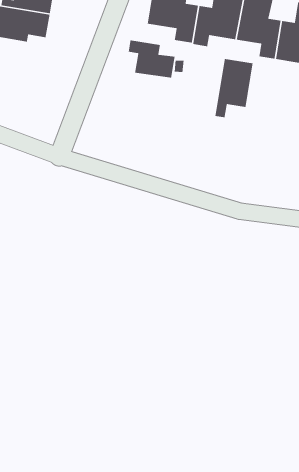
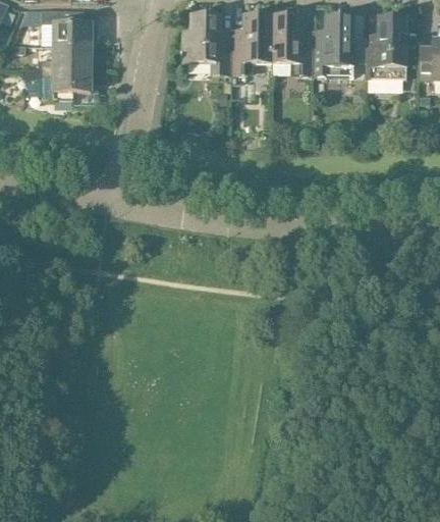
building: [128,39,175,79] -> none
building: [214,58,254,118] -> none

